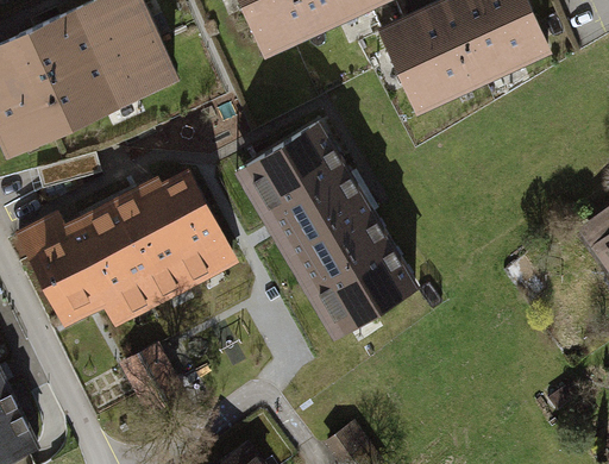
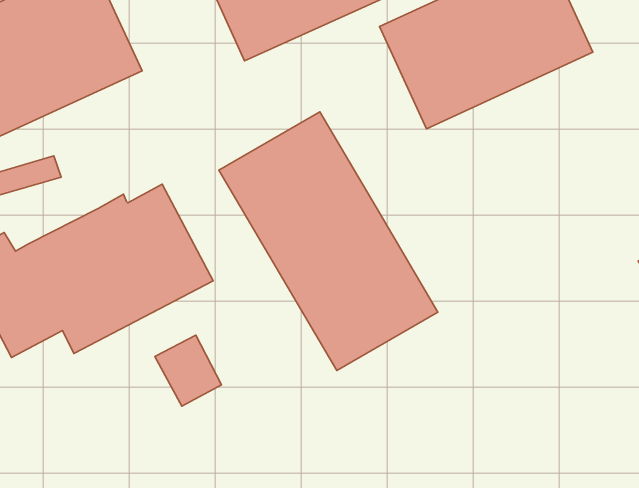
building: [124,344,180,403] -> [155,335,222,406]

